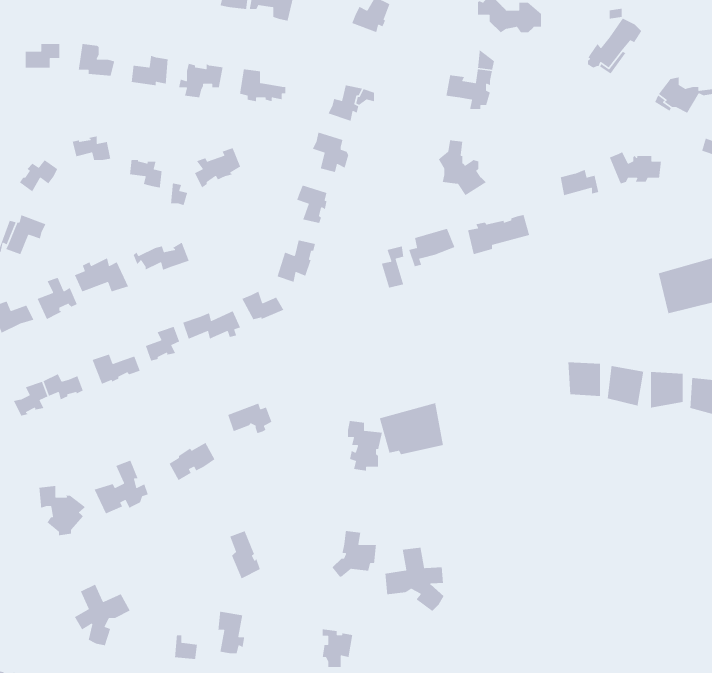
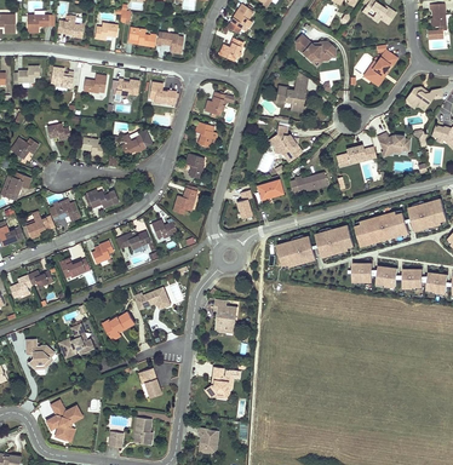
building: none -> [354,212,408,249]
building: none -> [315,225,354,259]
building: [379,402,444,455] -> [275,236,315,269]
building: [384,547,445,612] -> none

